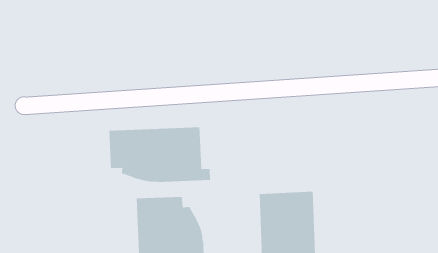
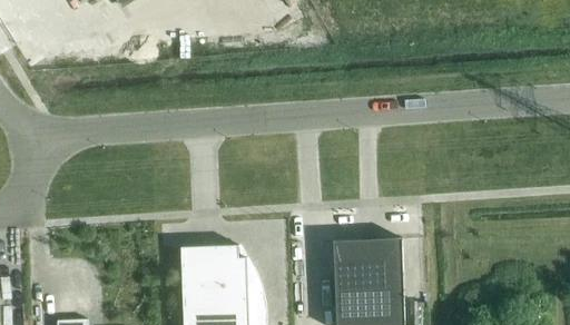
building: [109,127,211,183] -> none

